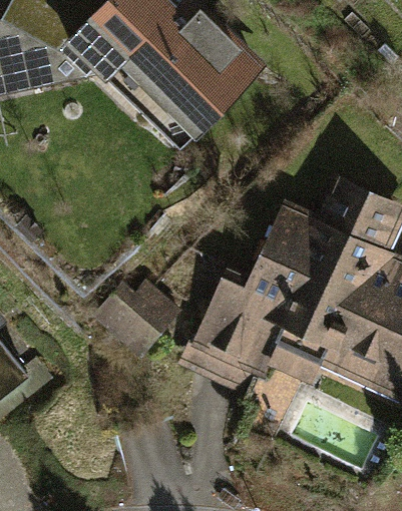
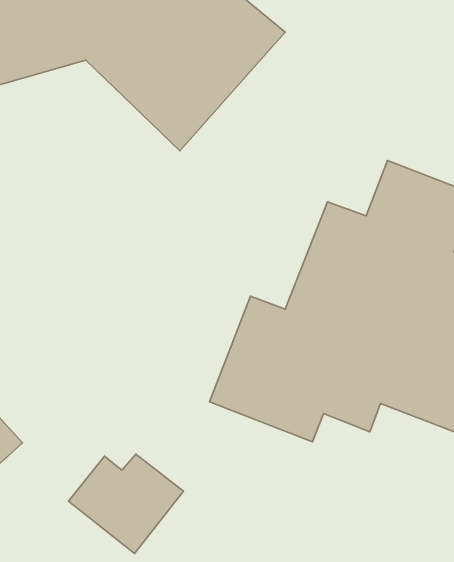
building: [95,285,187,364] -> [68,454,183,554]

